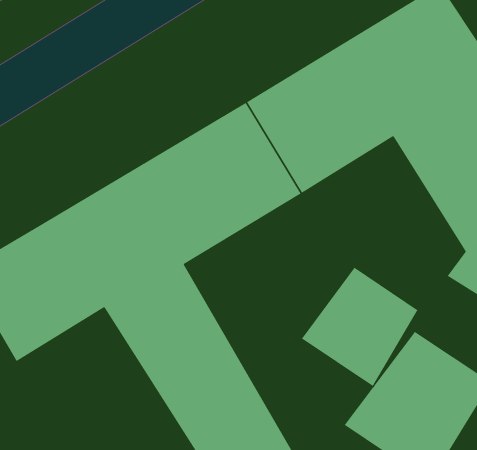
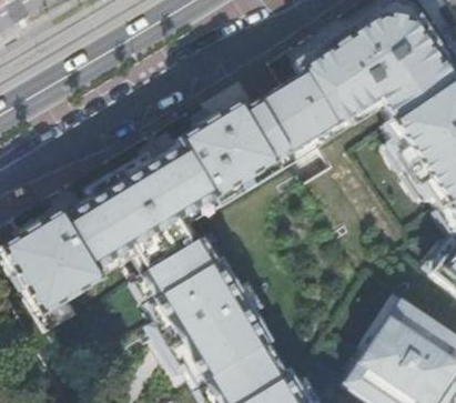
building: [301,267,418,387] -> none

